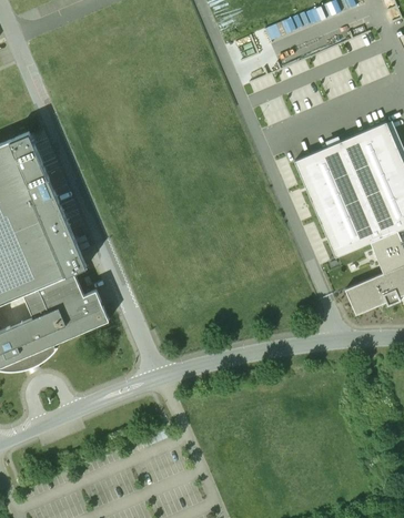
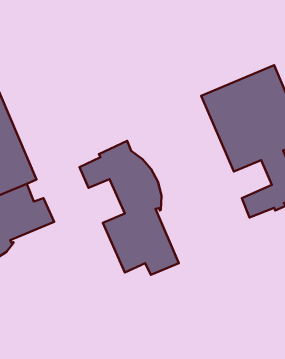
building: none -> [79,141,179,275]

